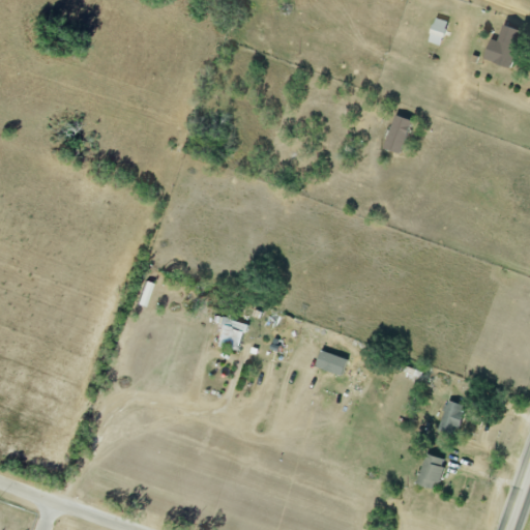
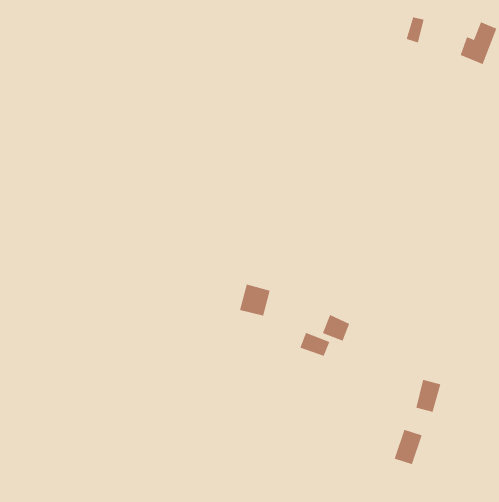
building: [384,114,412,153] -> none
building: [213,317,246,351] -> [239,284,271,316]
building: none -> [322,314,350,342]

